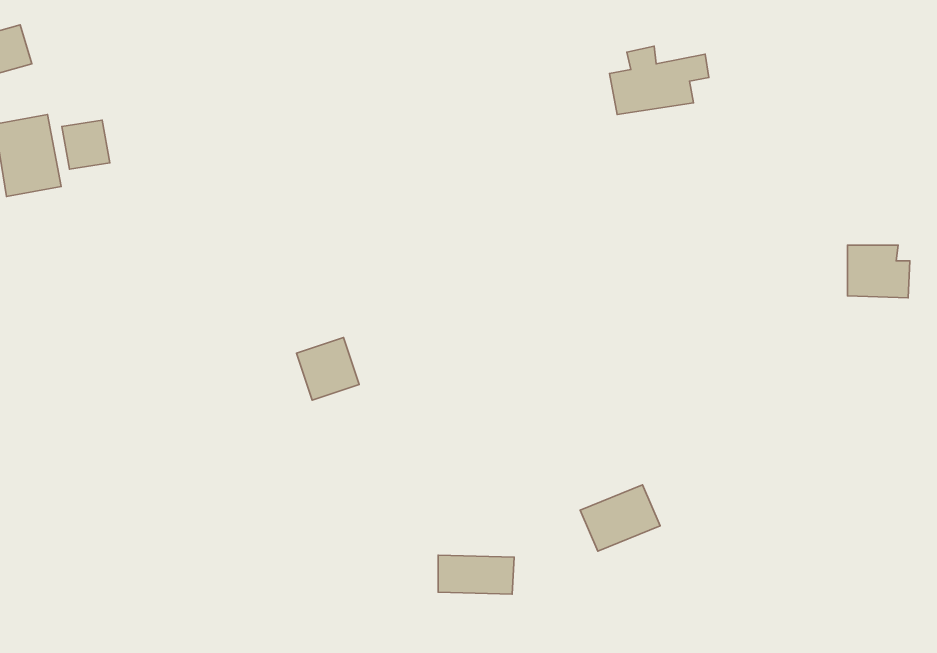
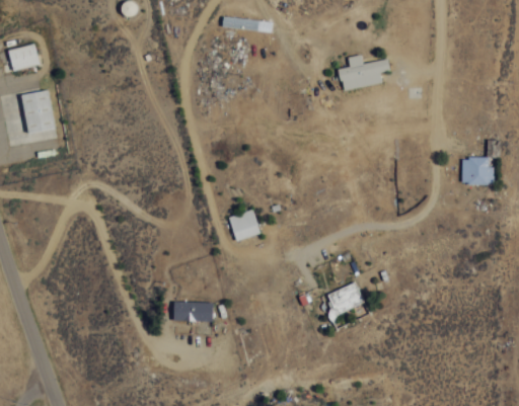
building: [62,120,110,169] -> none
building: [297,338,359,400] -> [228,210,261,242]
building: [438,555,514,594] -> [173,302,213,322]

